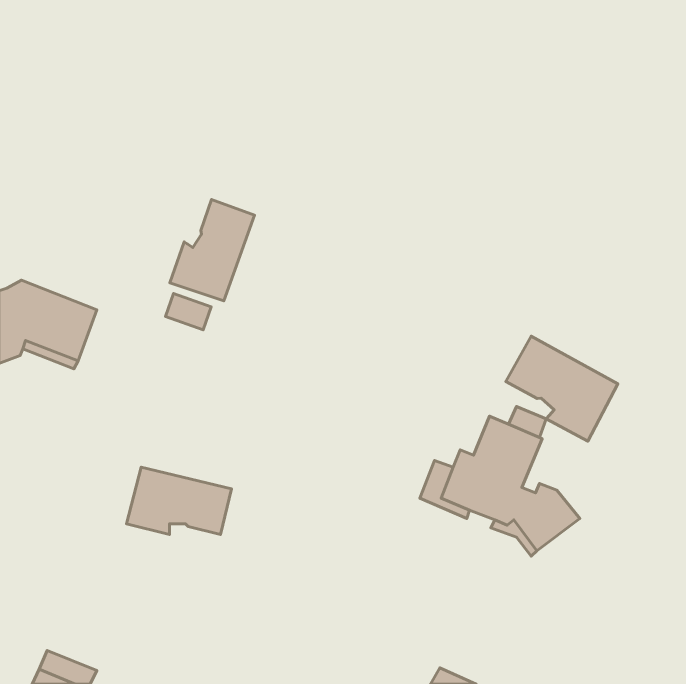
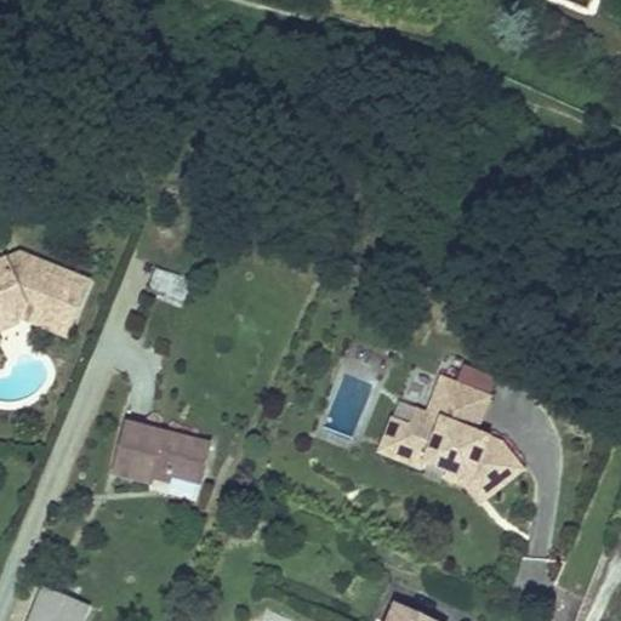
building: [170,200,254,301] -> none
building: [506,336,618,441] -> none

